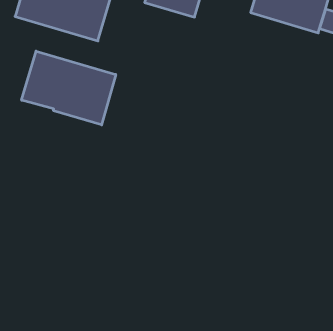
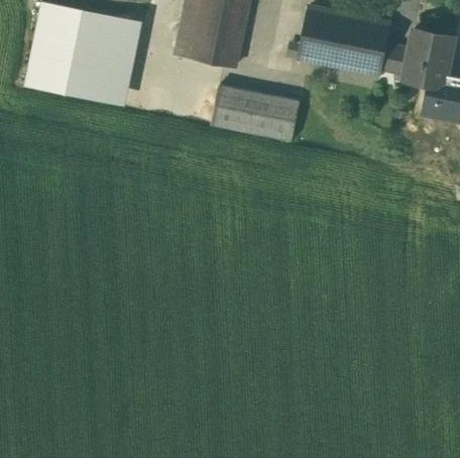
building: none -> [212,87,299,142]
building: [22,51,116,125] -> none

